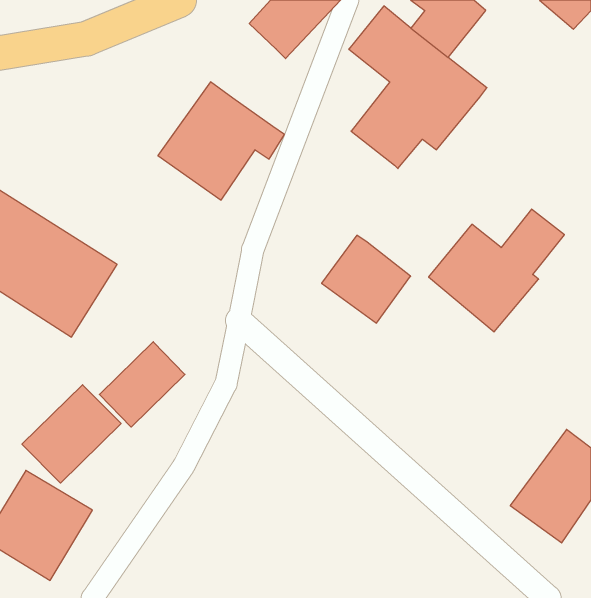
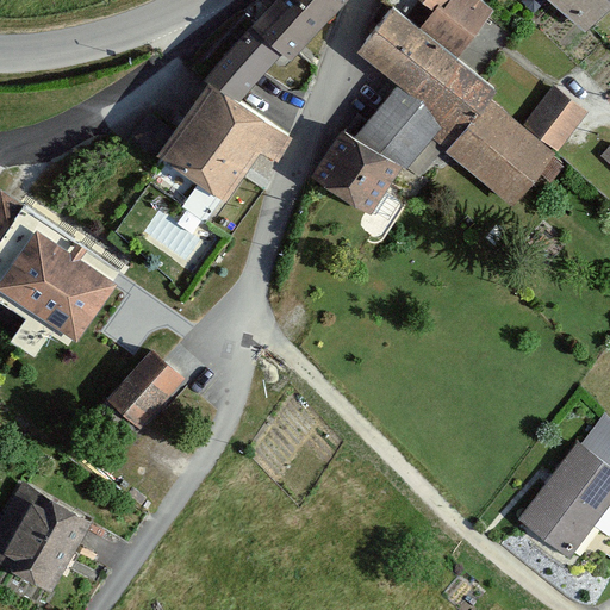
building: none -> [206,24,281,100]
building: [429,209,564,332] -> [444,83,583,208]
building: [322,235,411,323] -> [311,126,402,216]
building: [22,385,121,483] -> none

